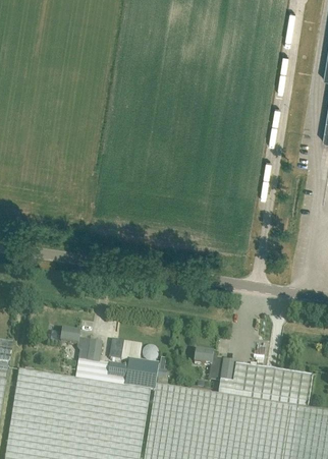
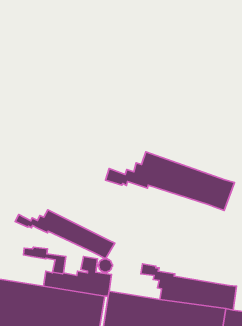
building: none -> [105,152,234,211]
building: none -> [15,210,115,259]

